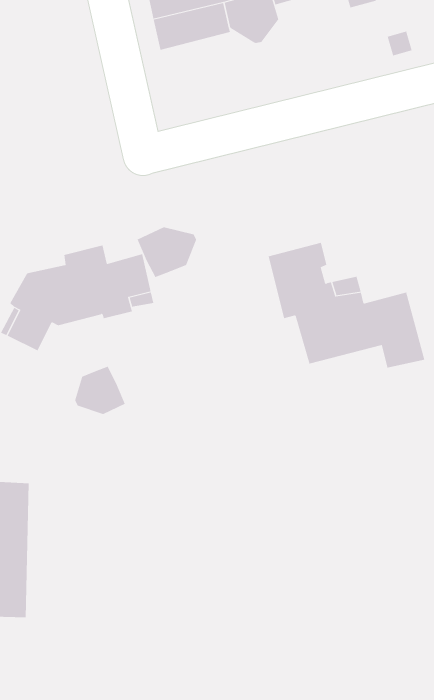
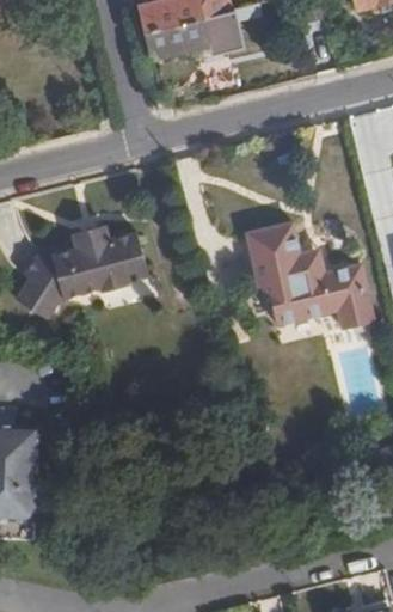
building: [137,227,197,278] -> none
building: [75,366,125,415] -> none

